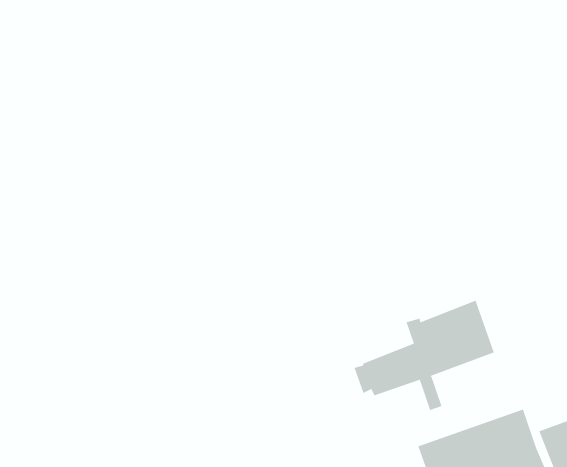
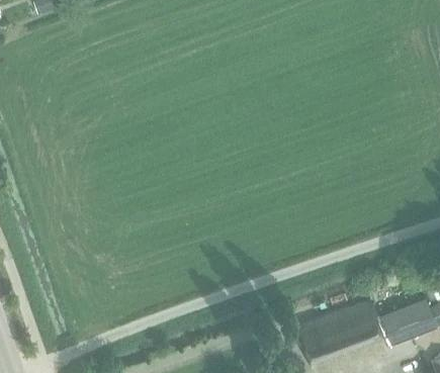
building: [354,300,494,411] -> none

